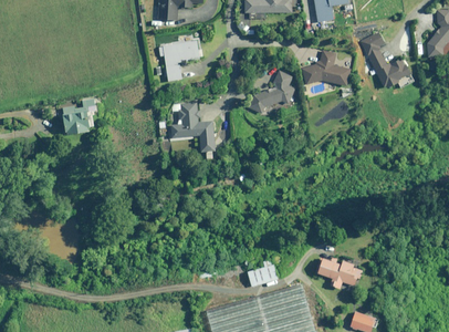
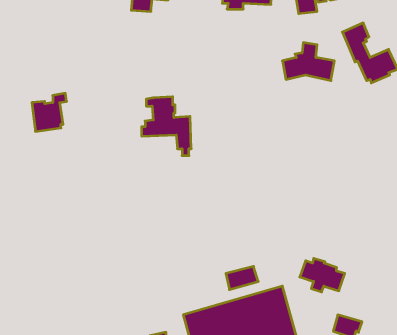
building: [158,34,201,82] -> none
building: [246,70,295,114] -> none

